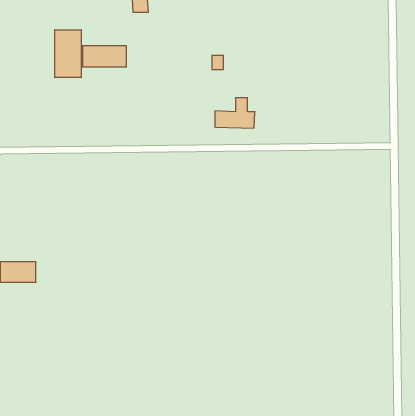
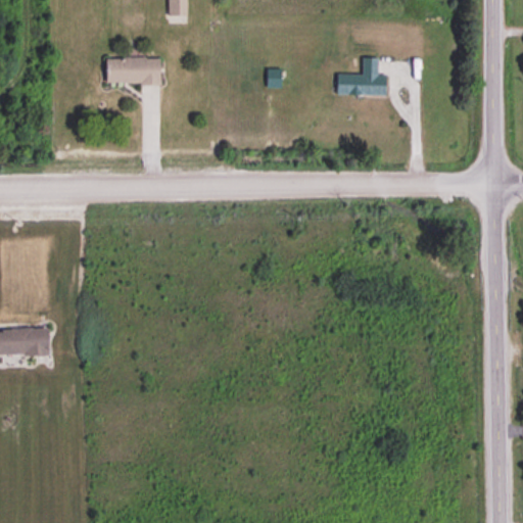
building: [55,30,81,78] -> none
building: [215,98,255,128] -> [337,57,387,95]

